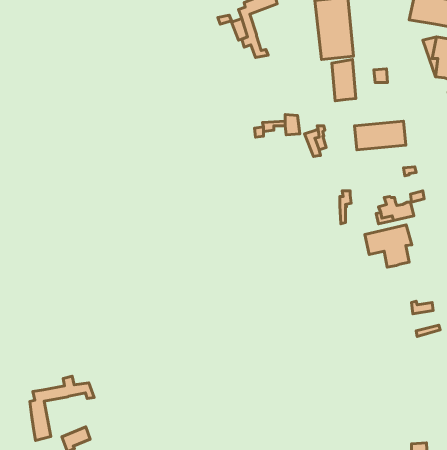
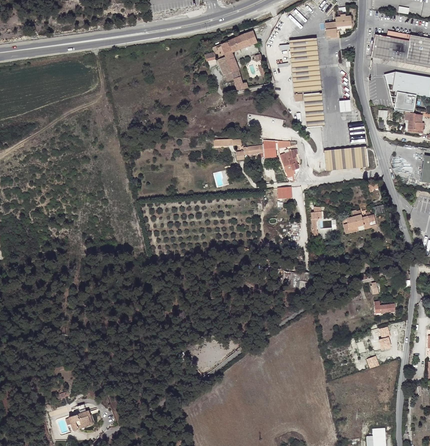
building: [365,225,412,267] -> none
building: [30,376,94,440] -> none

